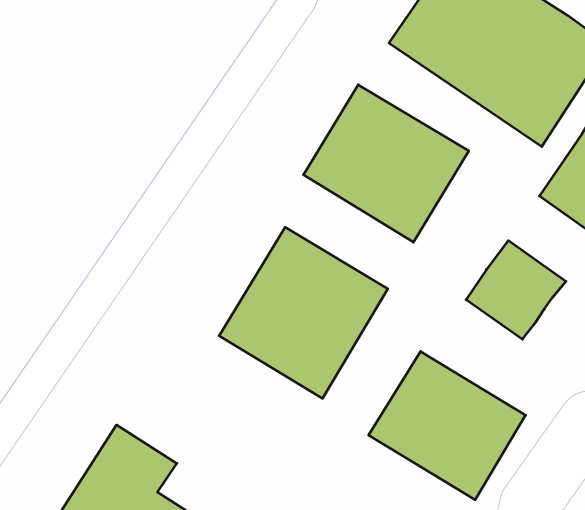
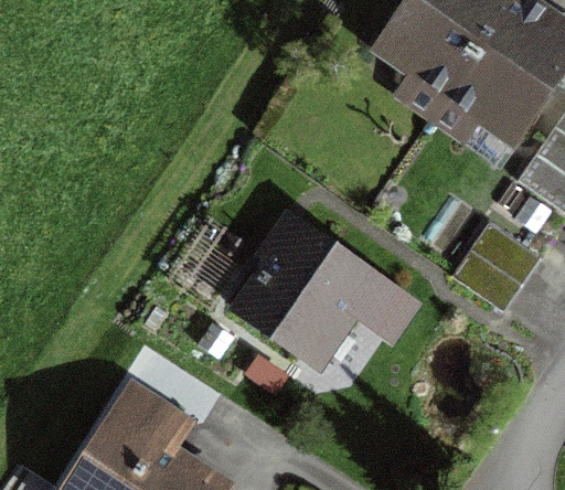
building: [303,85,469,242] -> none
building: [369,351,526,500] -> none

